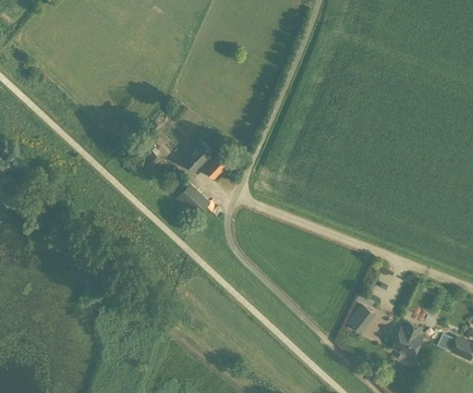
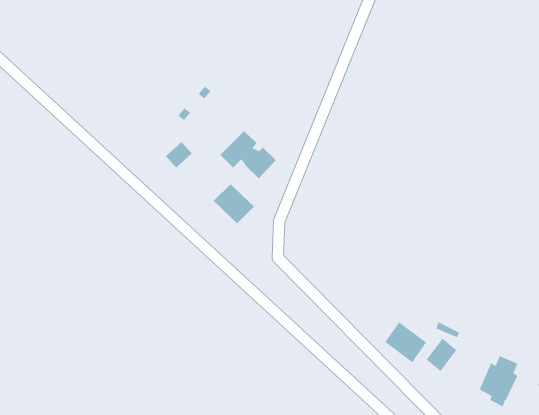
building: none -> [384,322,427,363]

